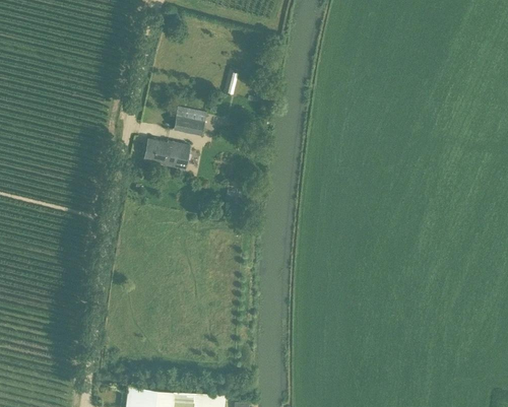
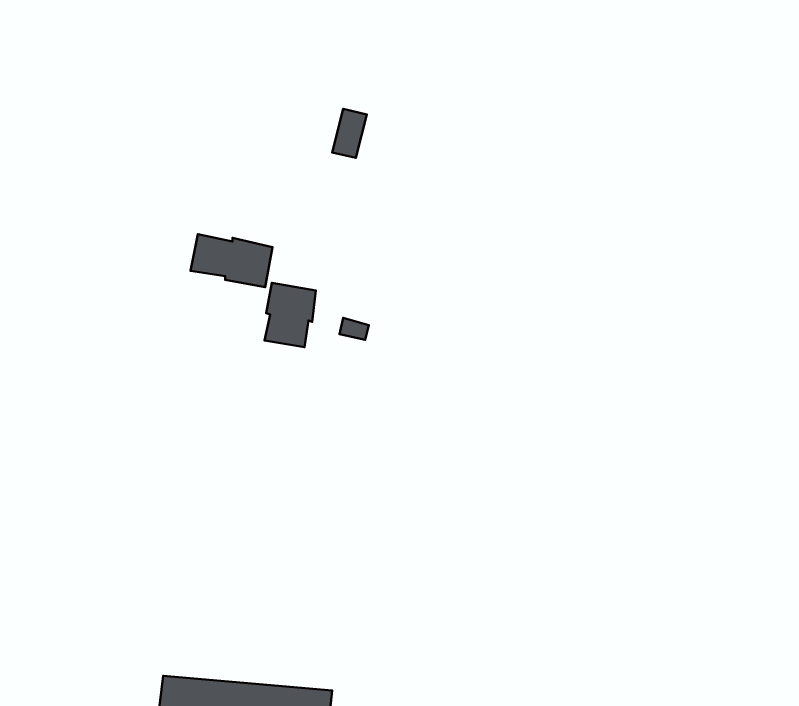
building: [173,109,206,137] -> none
building: none -> [264,283,316,347]

